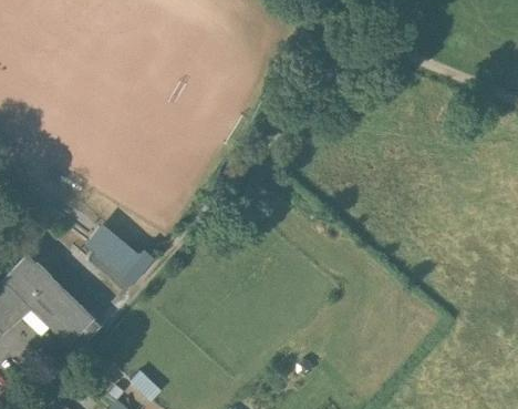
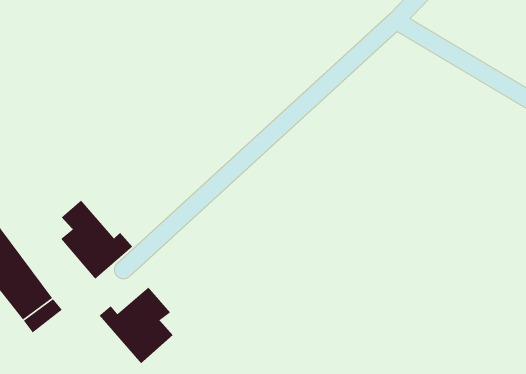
building: none -> [99,286,174,364]

